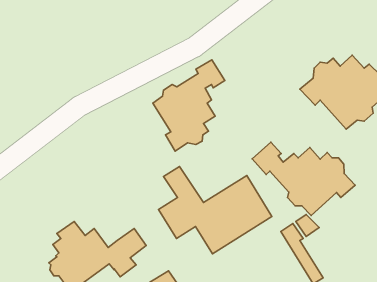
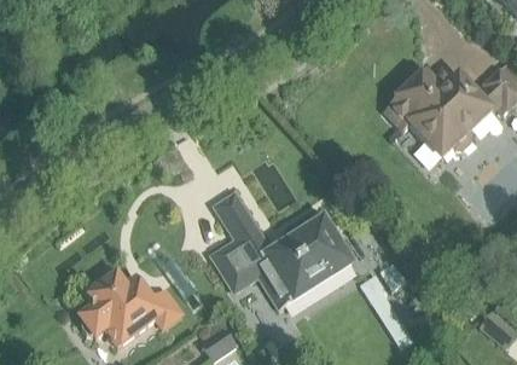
building: [153,60,225,151] -> none
building: [252,142,355,216] -> none

